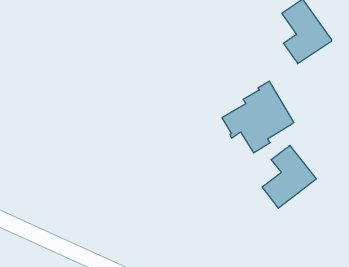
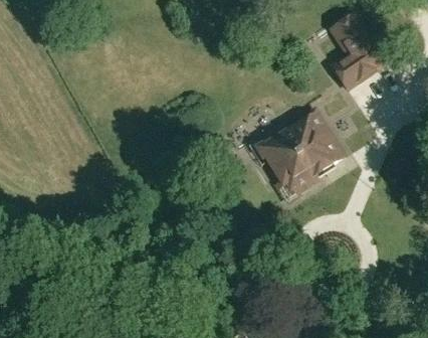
building: [262,145,316,208] -> none

